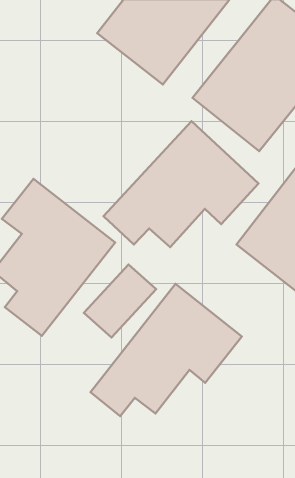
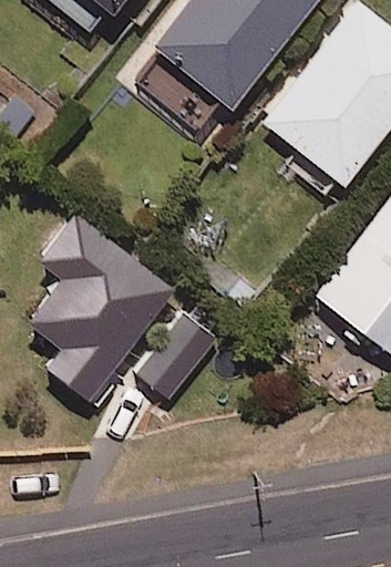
building: [104,121,259,247] -> none
building: [90,284,242,416] -> none

